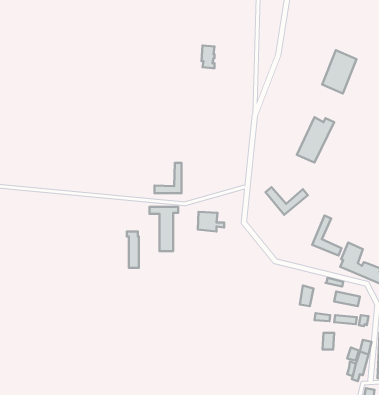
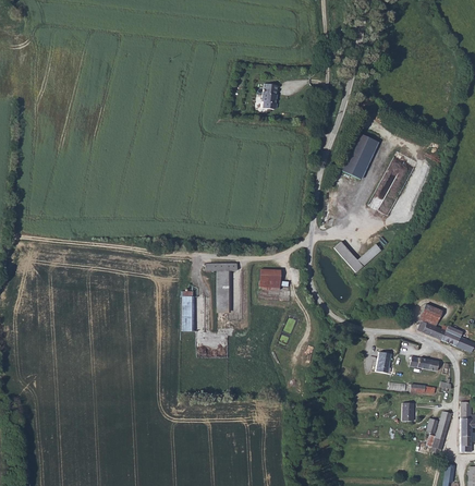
building: [322,50,356,93] -> [340,133,378,181]
building: [155,163,182,193] -> none
building: [312,215,342,256] -> none

